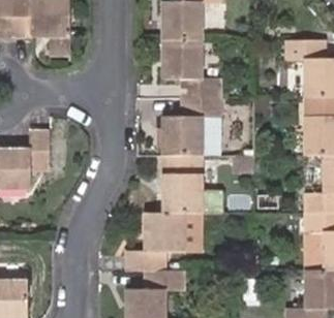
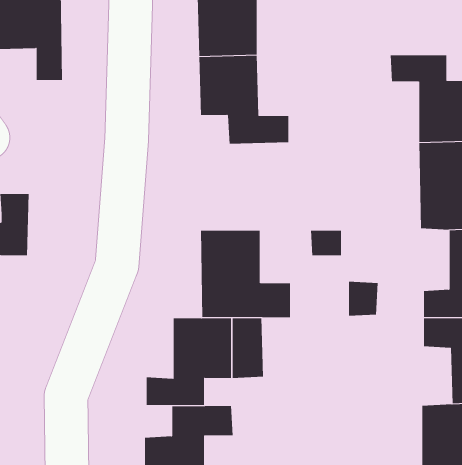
building: [160,97,219,154] -> none

